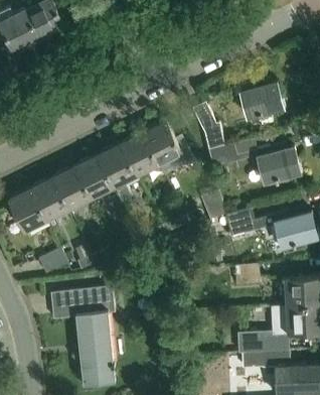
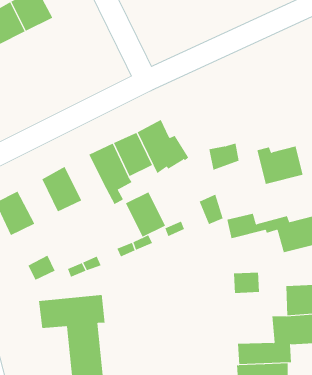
building: [237,83,283,119] -> none
building: [195,104,226,150] -> none
building: [75,155,114,199] -> [125,192,166,238]
building: [31,178,68,221] -> none

